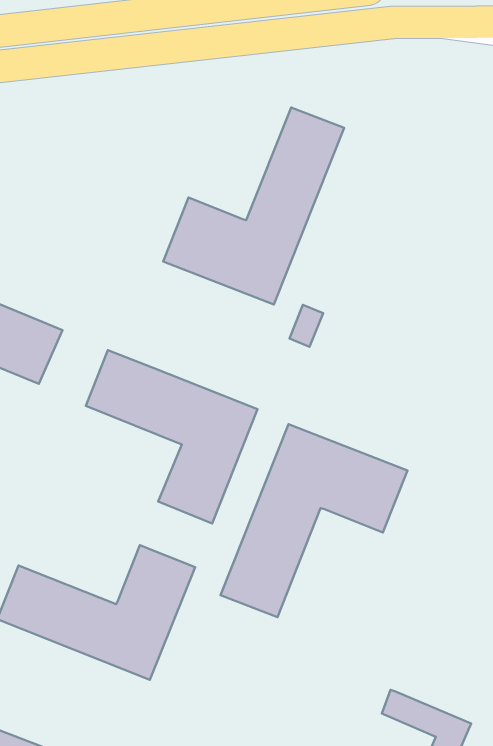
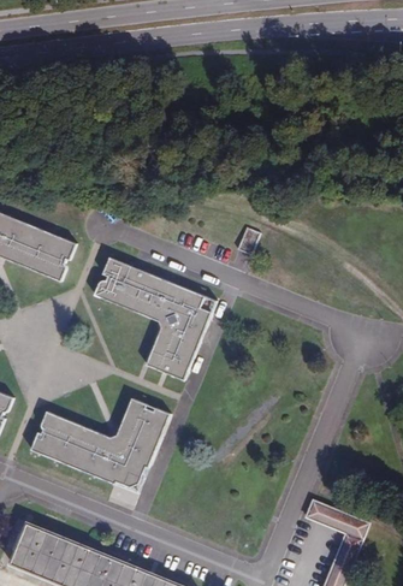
building: [163,107,344,305] -> none
building: [220,424,407,617] -> none

